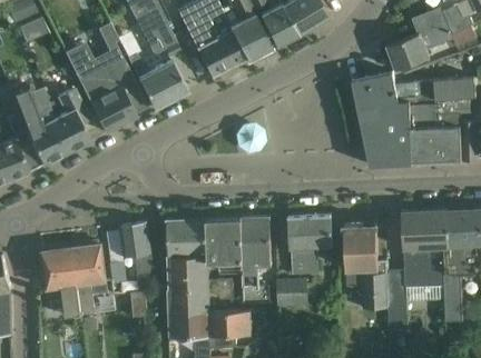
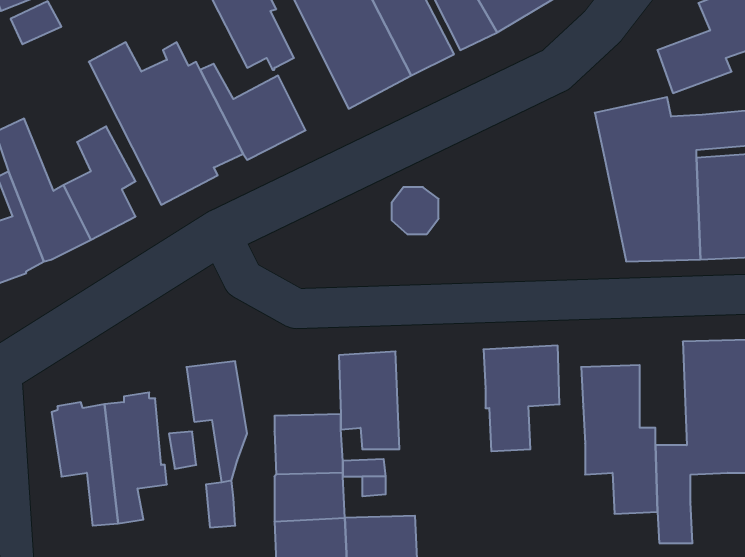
building: [238,216,272,301] -> none
building: [167,219,207,253] -> none
building: [277,279,308,308] -> none

